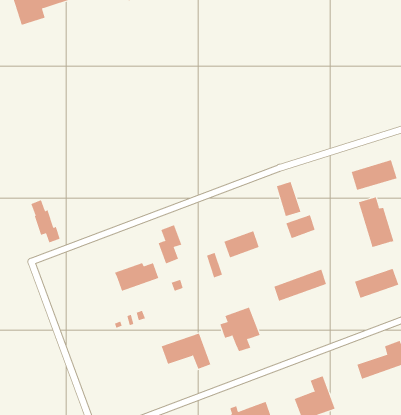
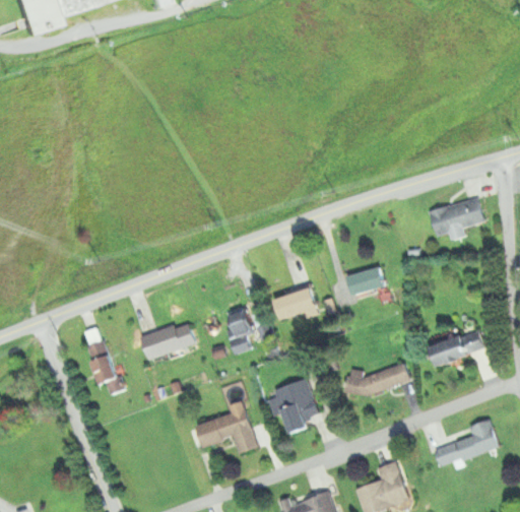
building: [276,181,301,217] -> none
building: [358,197,394,248] -> none
building: [30,200,61,243] -> [87,341,124,394]
building: [158,225,182,264] -> [223,308,253,356]
building: [273,269,327,302] -> [344,363,409,402]

